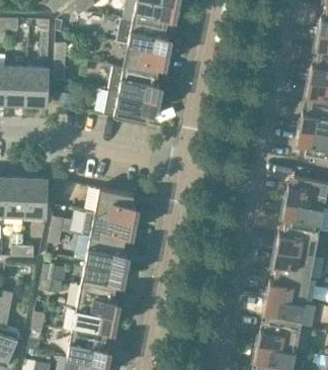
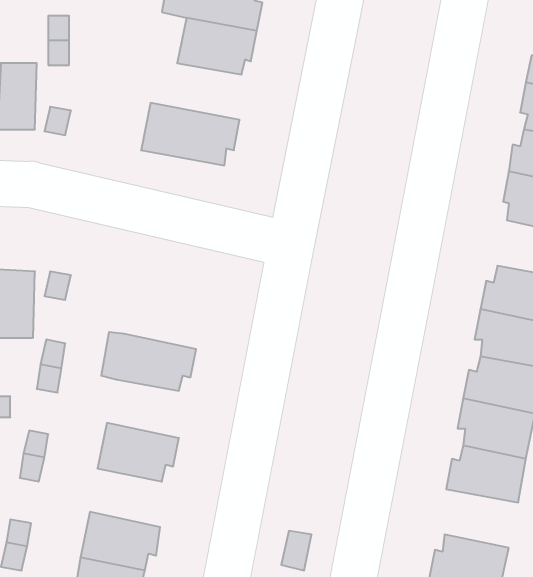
building: [109,66,160,98] -> none
building: [95,188,137,220] -> none
building: [86,237,128,268] -> none
building: [77,284,117,315] -> none
building: [264,295,306,327] -> none

